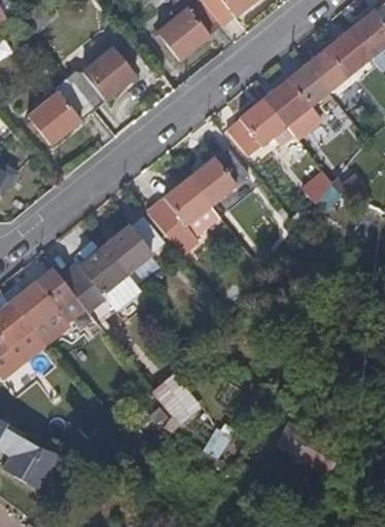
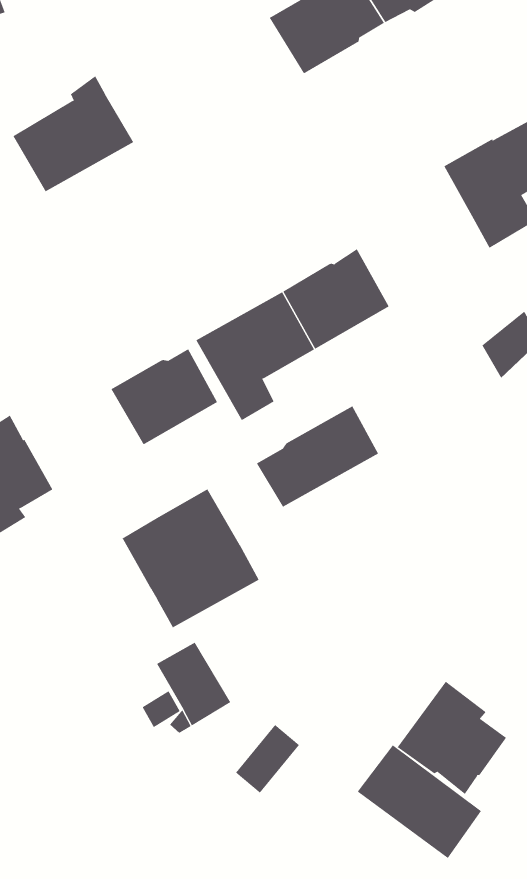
building: [74,50,136,111] -> none
building: [225,98,286,157] -> none
building: none -> [256,405,379,507]
building: [59,248,138,327] -> [121,489,259,628]
building: none -> [397,681,507,795]

